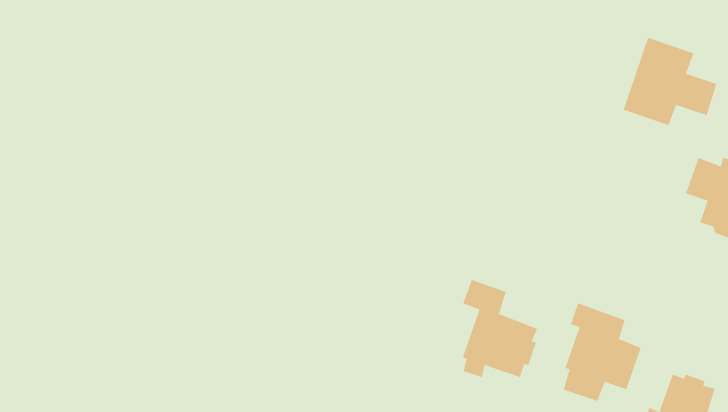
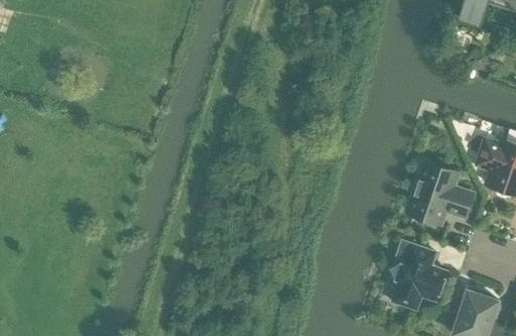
building: [623,37,717,126] -> [408,161,474,223]
building: [462,279,538,378] -> none

